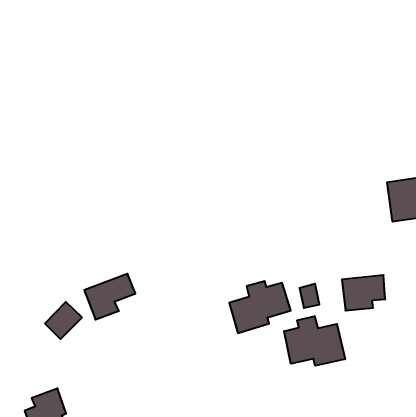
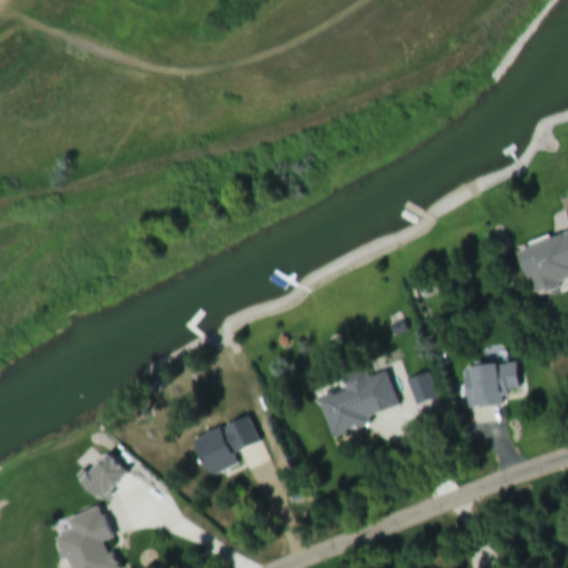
building: [84,274,135,320] -> [193,416,258,475]
building: [45,302,82,339] -> [80,453,128,500]
building: [284,316,345,366] -> none

